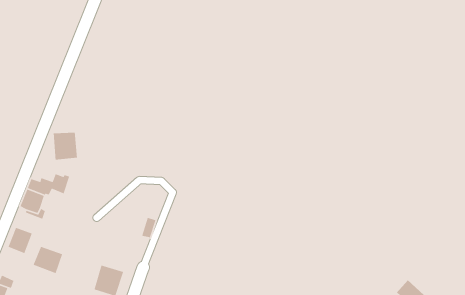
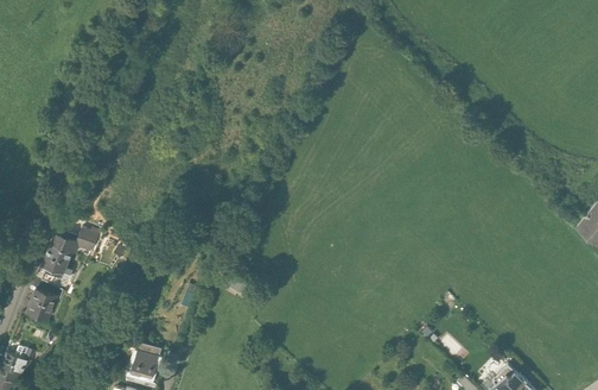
building: [53,132,78,160] -> none
building: [33,246,63,274] -> none

